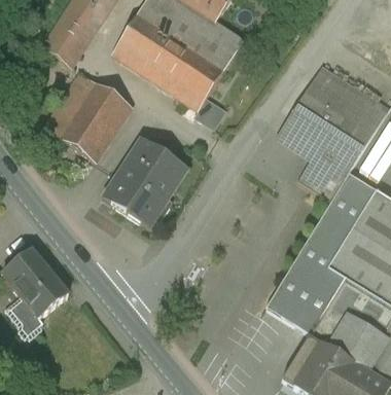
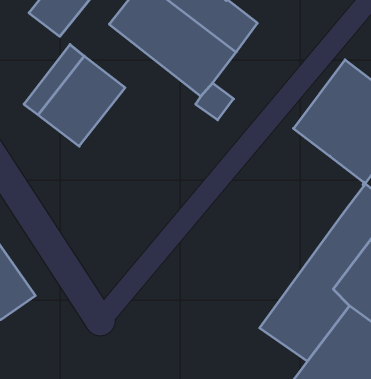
building: [108,139,186,230] -> none
building: [297,151,348,201] -> none

